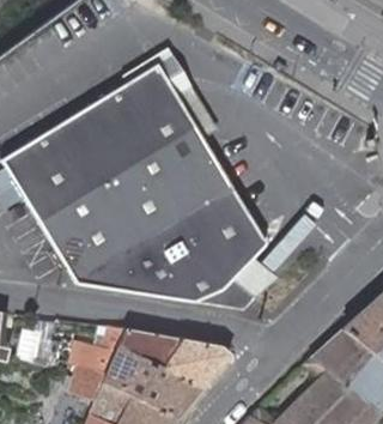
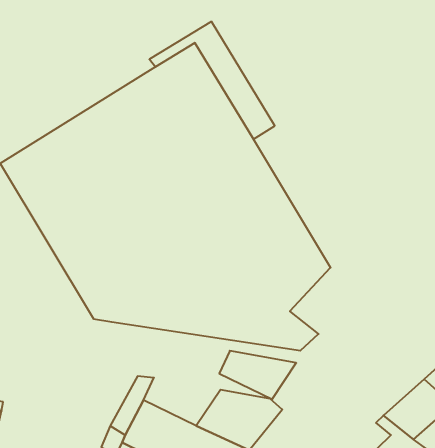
building: [118,331,180,369] -> [219,351,296,399]

